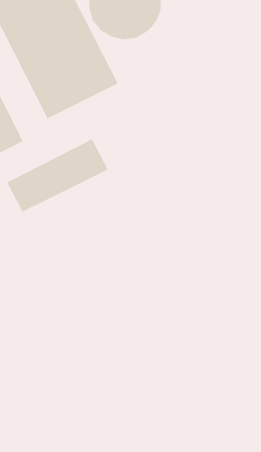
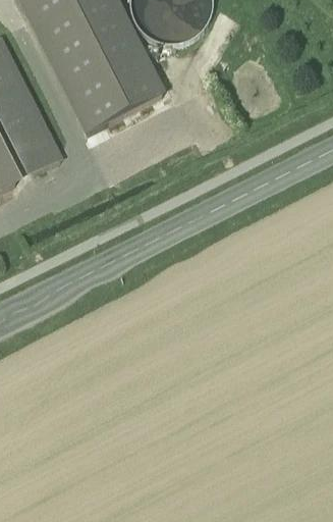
building: [6,139,108,213] -> none

